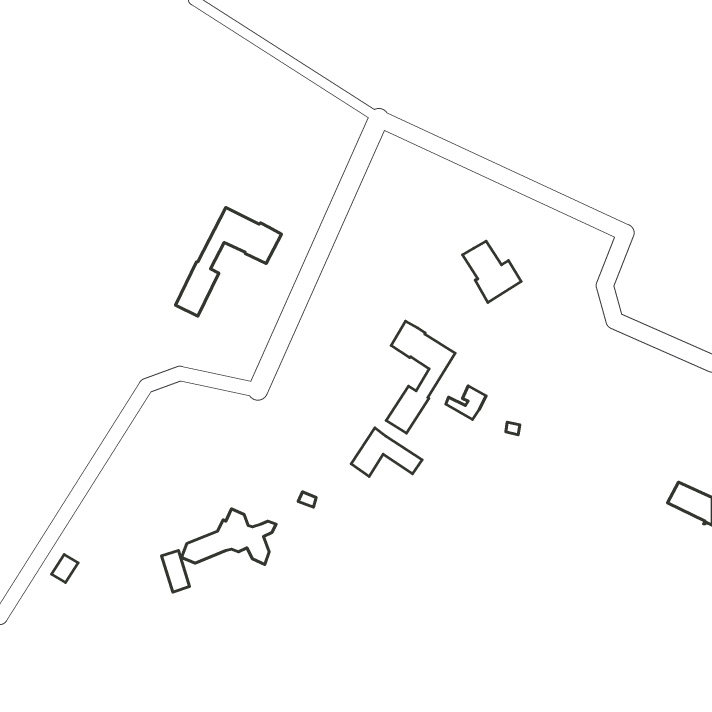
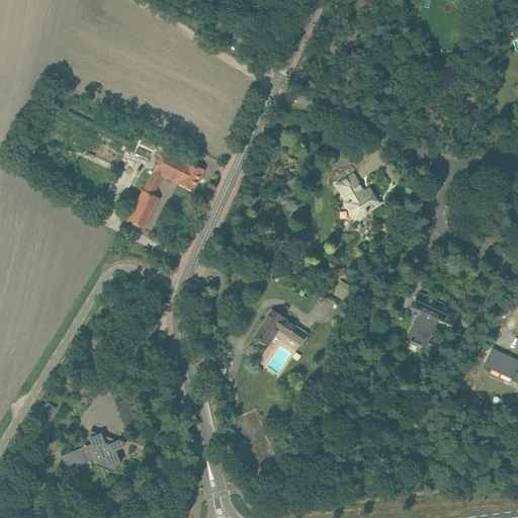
building: [386,321,455,433] -> none
building: none -> [407,293,457,348]
building: [181,509,276,565] -> [57,431,125,471]

